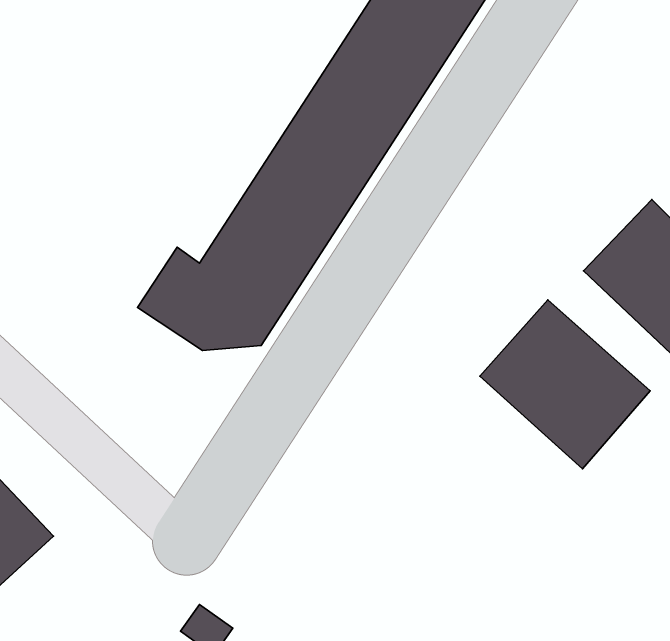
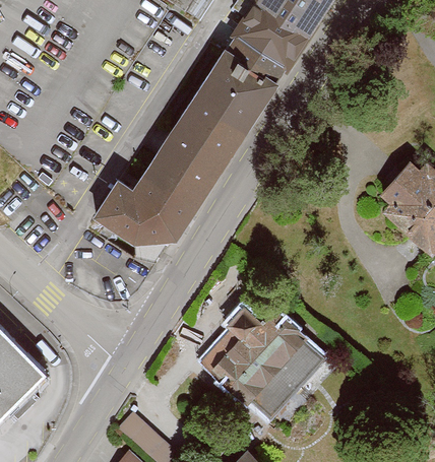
building: [480,300,650,469] -> none
building: none -> [208,304,336,421]

